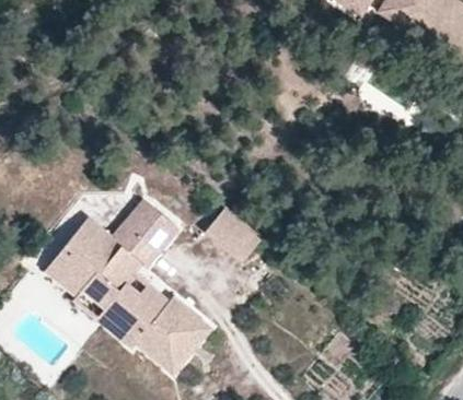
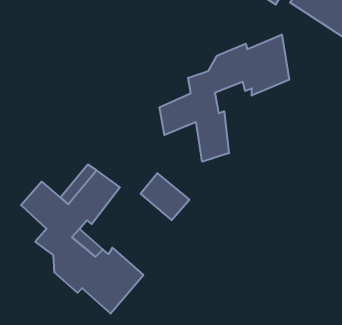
building: none -> [159,34,289,162]
building: [47,247,95,295] -> none

